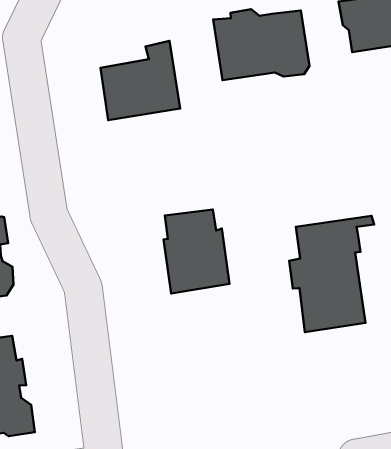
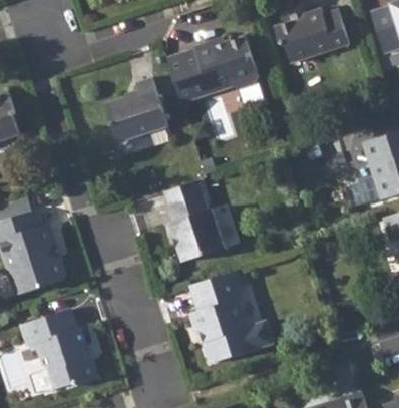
building: [289,216,374,332] -> [188,268,253,362]

